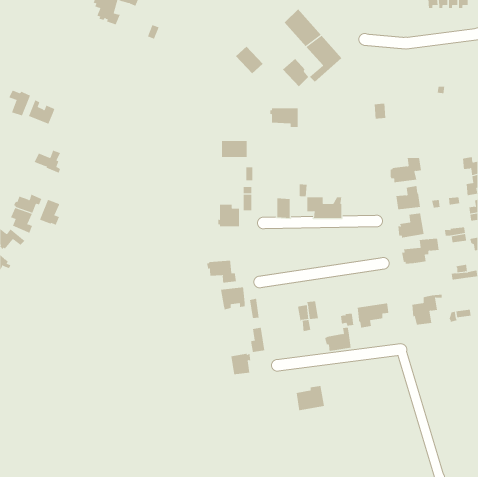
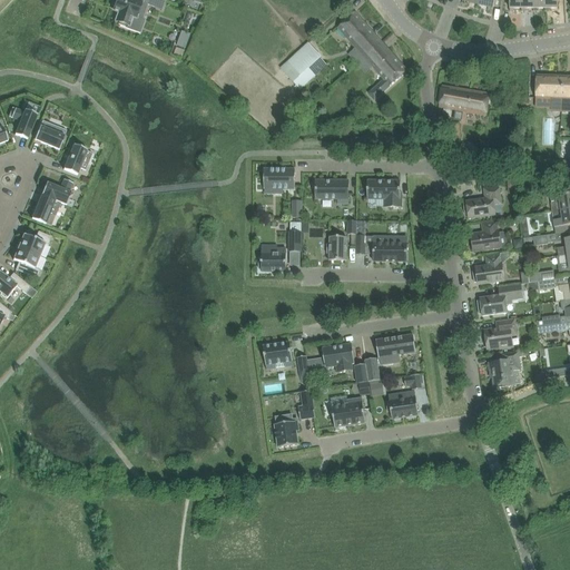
building: [282,58,309,87] -> [293,41,325,76]
building: none -> [534,73,562,109]
building: none -> [438,85,489,112]
building: [269,108,298,128] -> [313,179,347,203]
building: none -> [62,144,91,174]
building: none -> [366,179,401,206]
building: [39,199,60,225] -> [30,193,55,224]
building: [206,260,236,283] -> none
building: none -> [483,317,515,347]
building: none -> [322,342,354,372]
building: [357,303,390,328] -> [375,333,414,363]
building: [296,385,325,411] -> [331,396,365,426]

